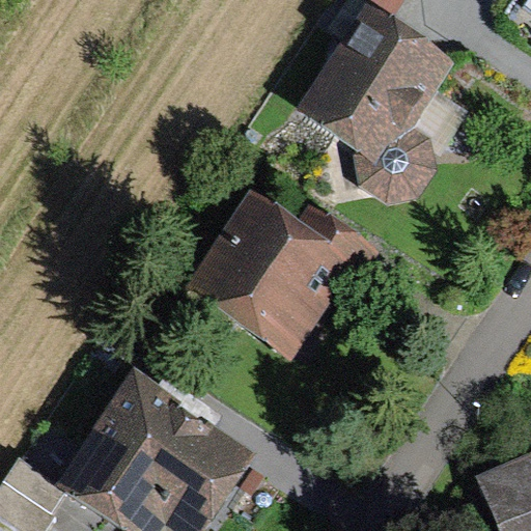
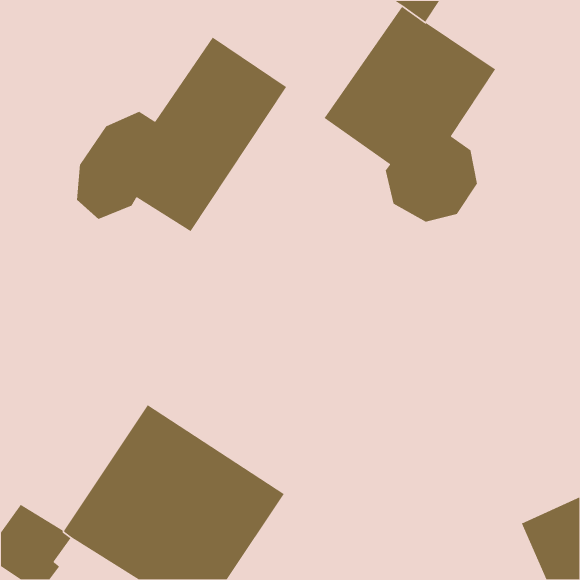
building: none -> [76,36,287,232]
building: [185,188,387,360] -> none

